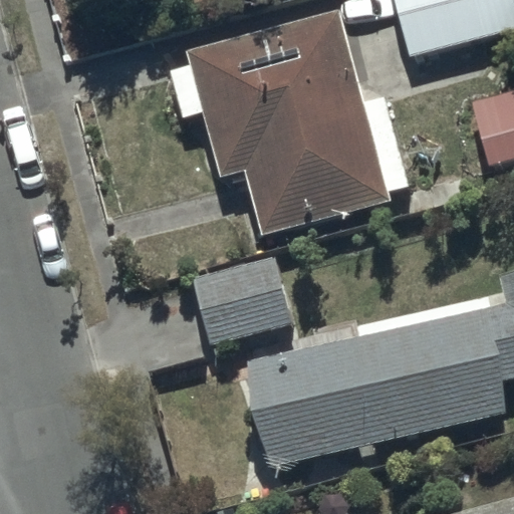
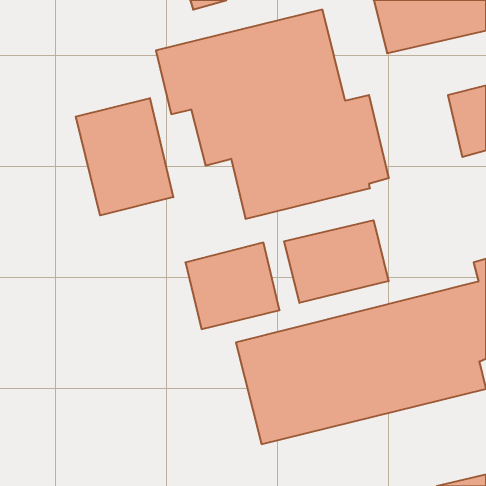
building: none -> [76,98,173,215]
building: none -> [284,220,389,303]

